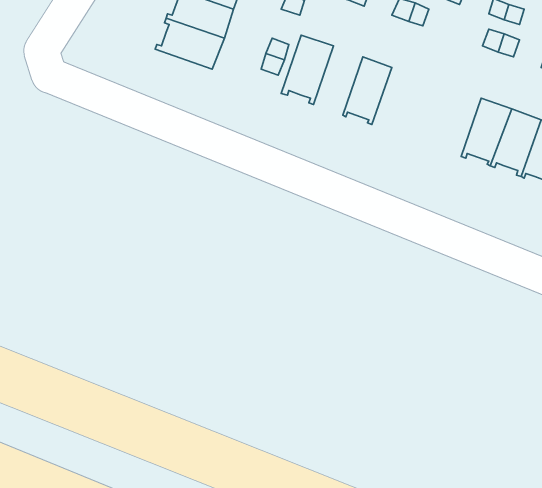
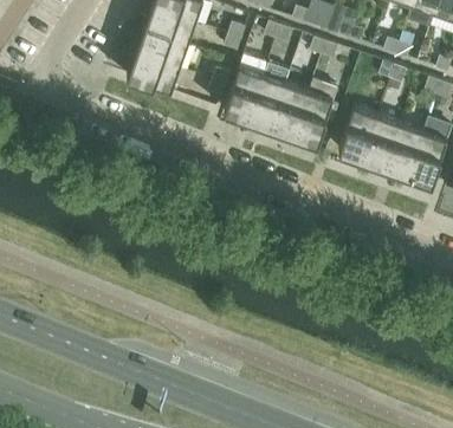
building: none -> [248,63,290,128]
building: none -> [293,79,339,143]
building: none -> [338,106,377,160]

